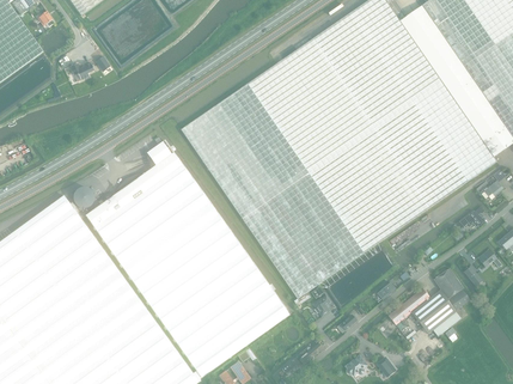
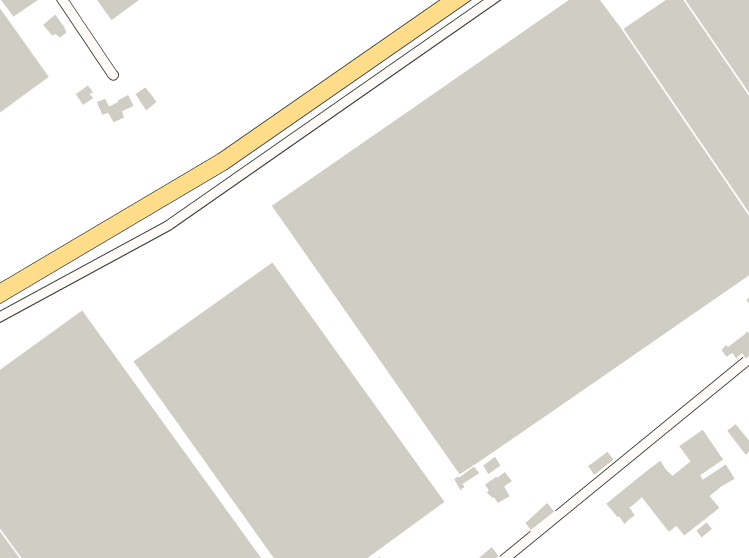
building: [85,141,182,227] -> none

